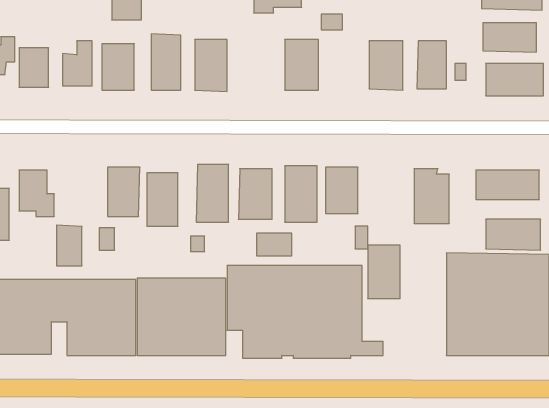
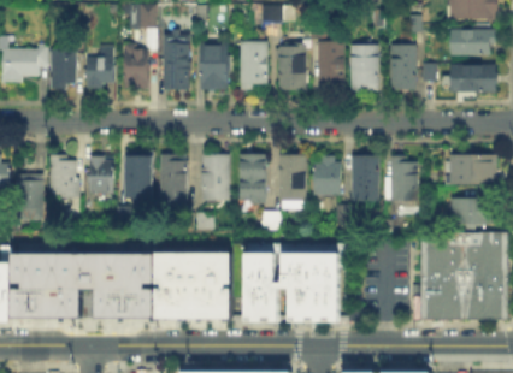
building: none -> [242,42,267,87]
building: none -> [318,42,343,87]
building: [57,225,82,266] -> [90,158,112,193]
building: [368,245,400,299] -> [352,156,379,202]

